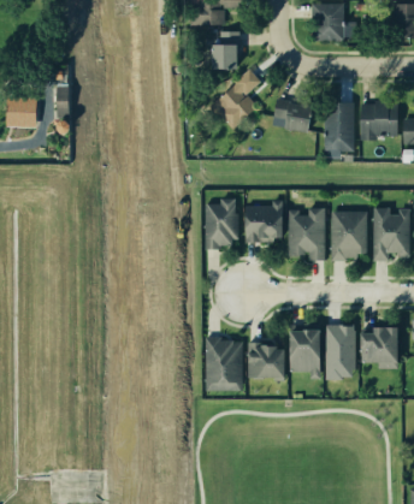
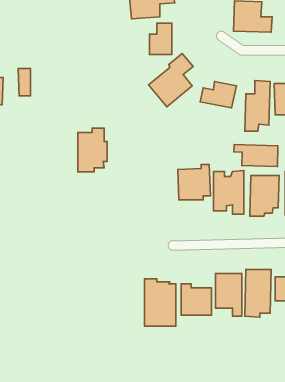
building: none -> [234,145,278,166]
building: [203,198,238,250] -> [78,128,107,172]

